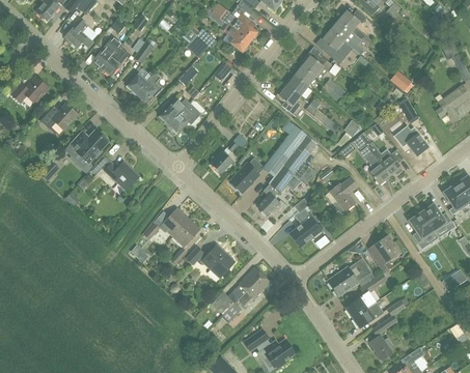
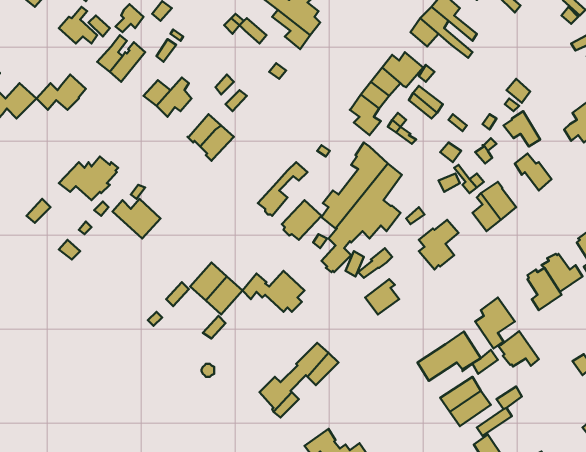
building: [40,104,77,130] -> [36,75,86,110]
building: [186,245,231,275] -> [242,271,305,312]
building: none -> [498,331,539,367]

